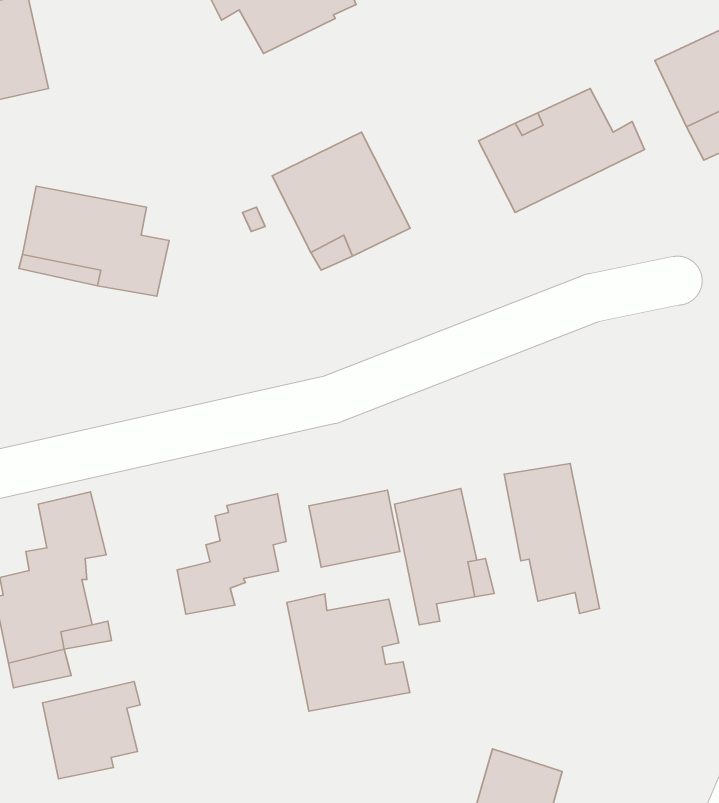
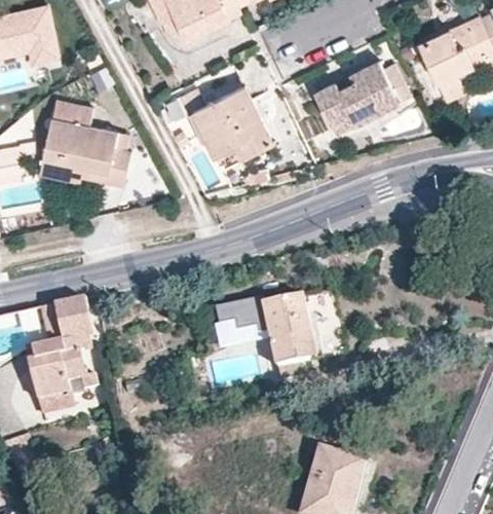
building: [504,464,600,614] -> none
building: [177,494,286,614] -> none
building: [287,594,410,711] -> none
building: [43,681,140,779] -> none

